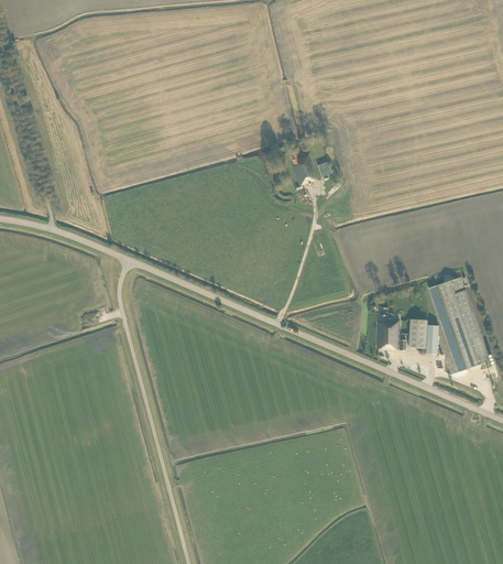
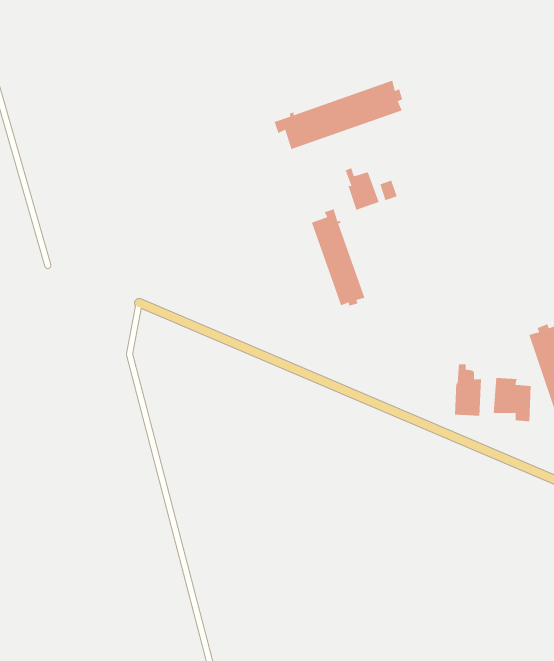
building: none -> [274,80,403,150]
building: none -> [311,208,365,307]

